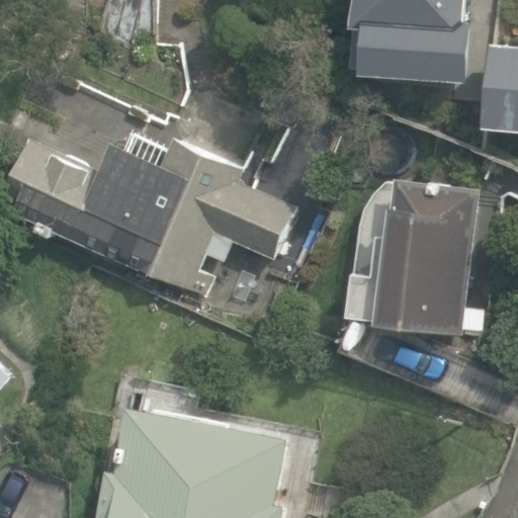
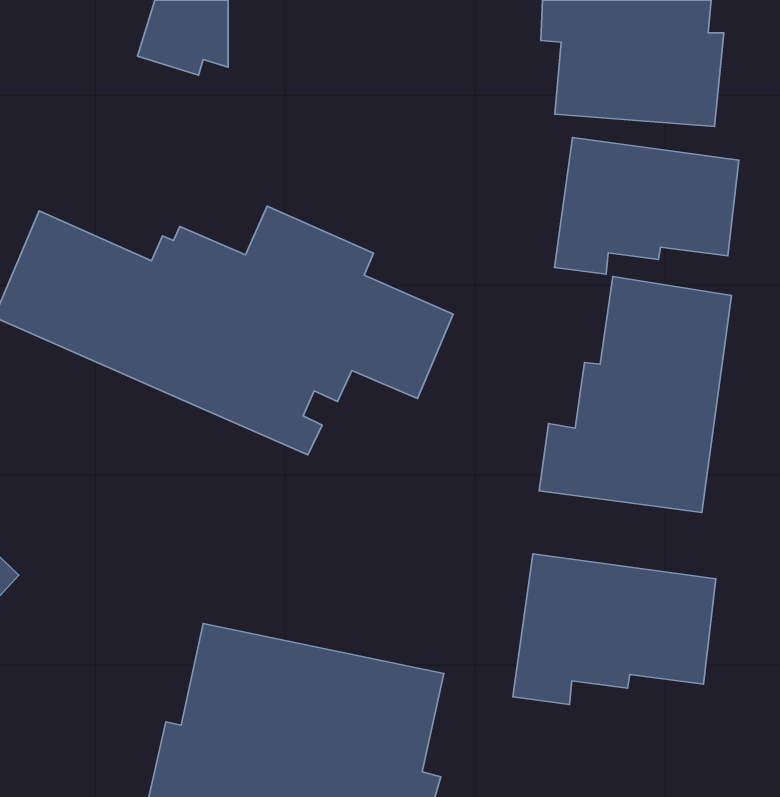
building: none -> [555,137,739,274]
building: none -> [513,554,716,704]

